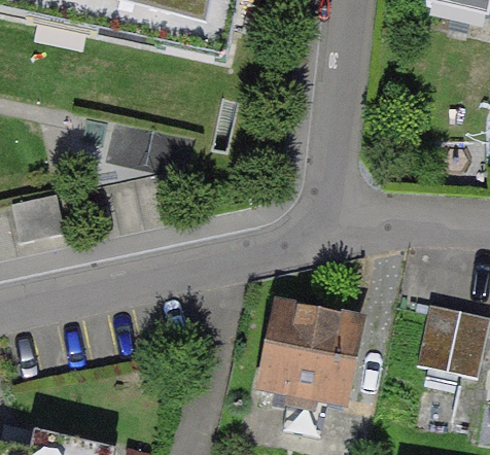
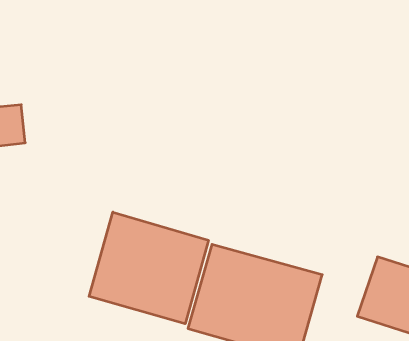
building: none -> [89,212,208,324]

